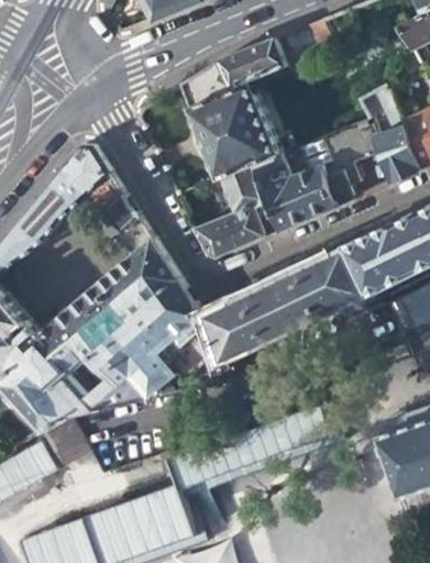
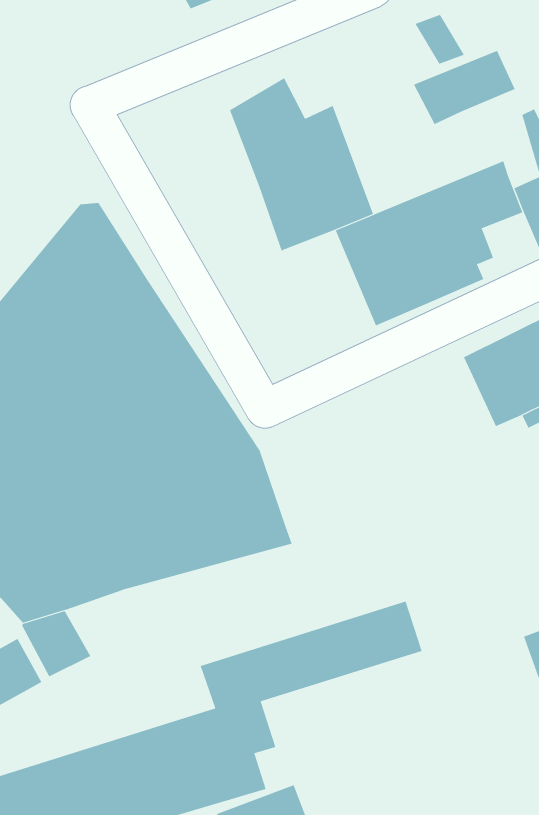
building: [218,38,287,89] -> [413,50,515,125]
building: [194,165,279,257] -> none
building: [201,251,361,365] -> none

